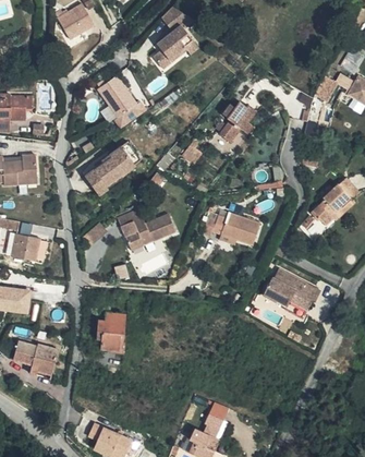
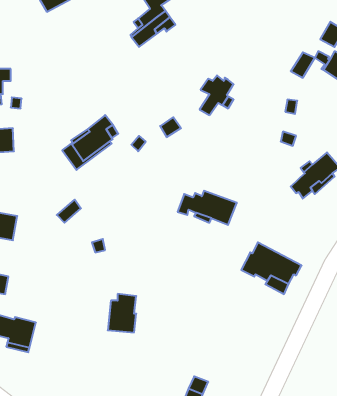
building: [98,73,147,127] -> none
building: [114,206,177,249] -> none
building: [97,311,125,349] -> [108,294,136,332]

